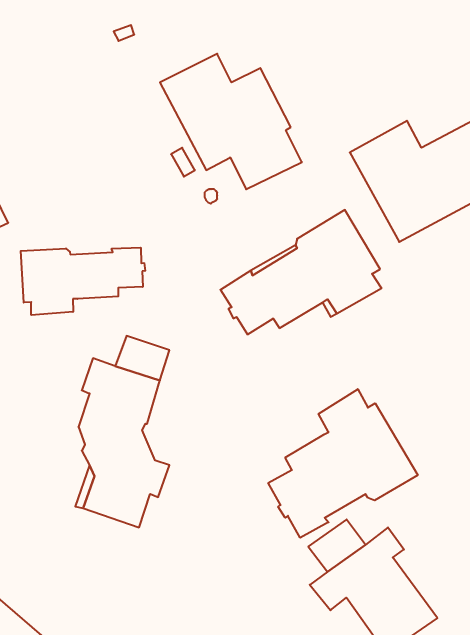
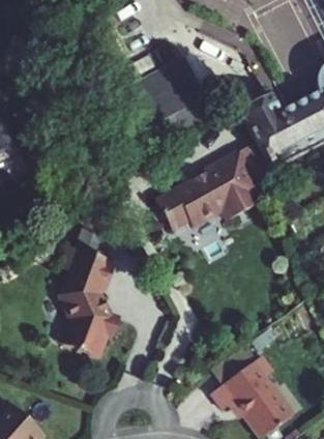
building: [21,248,145,315] -> none
building: [268,389,418,538] -> none

